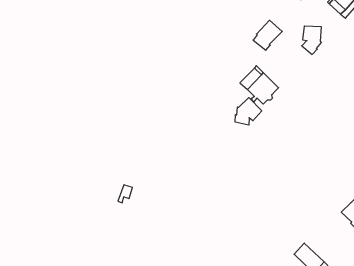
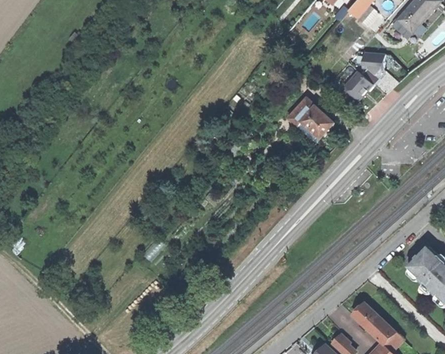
building: [253,20,282,50] -> [339,71,373,106]
building: [235,98,262,125] -> none

